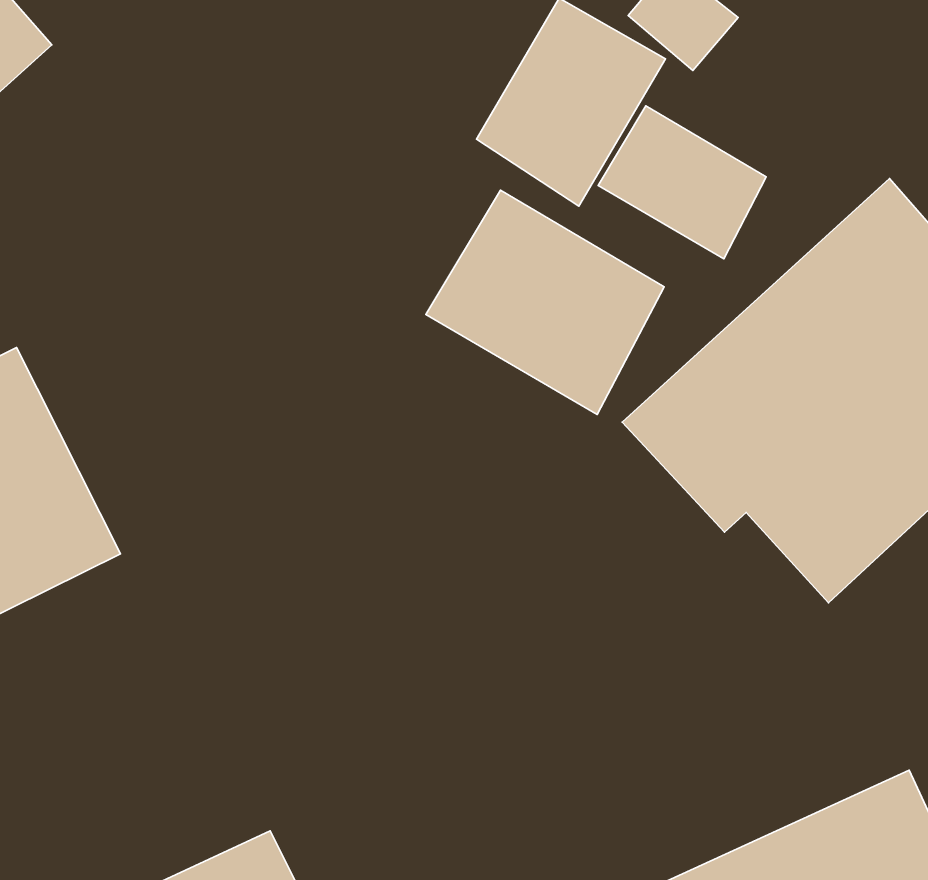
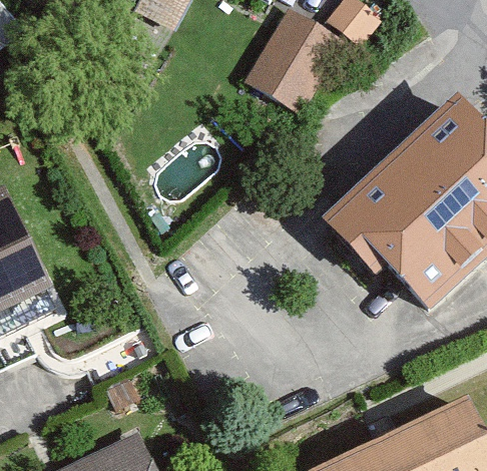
building: [598,106,766,259] -> none
building: [426,190,664,415] -> none

